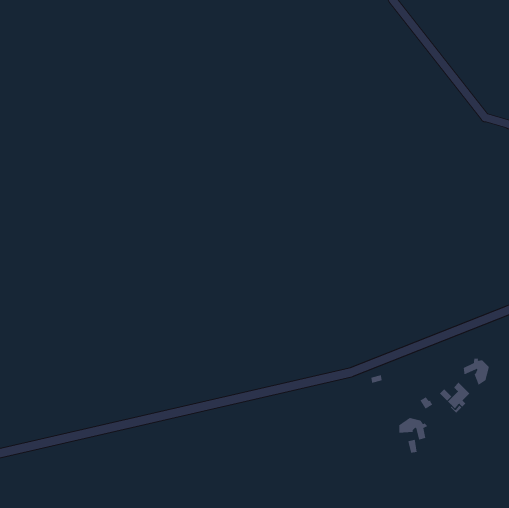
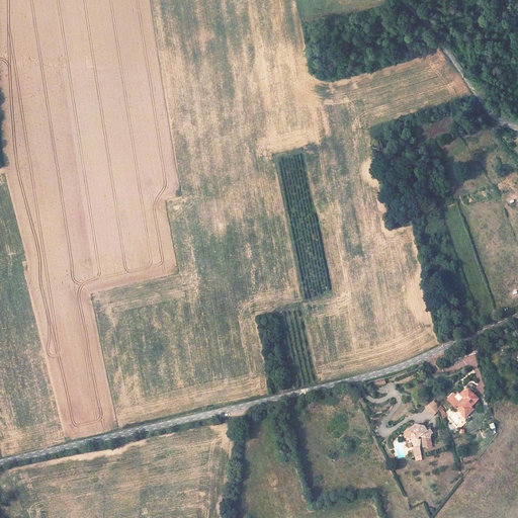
building: [463,358,489,386] -> none

